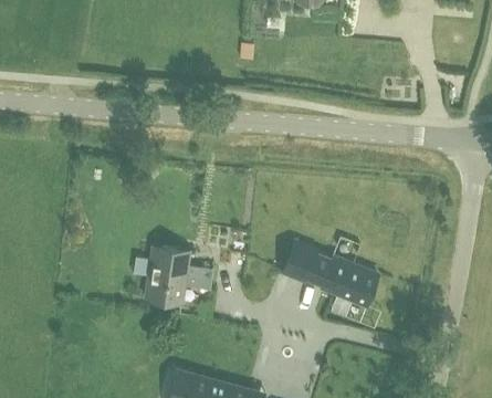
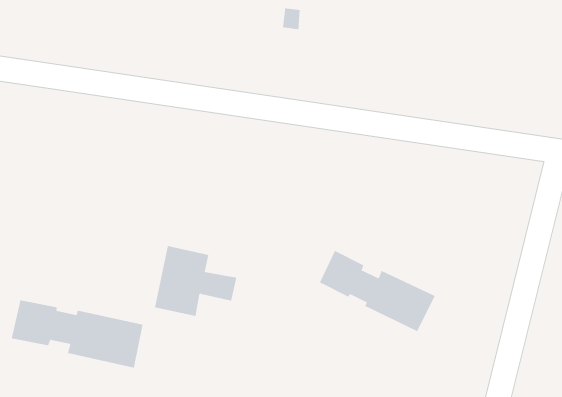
building: none -> [11,300,143,369]

